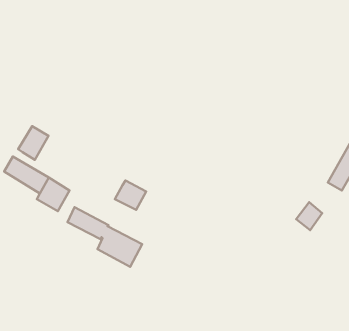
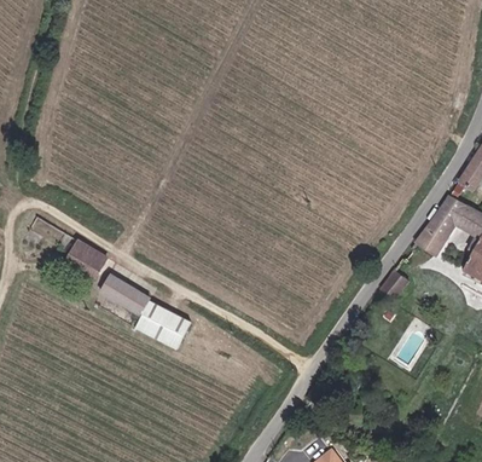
building: [18,126,48,160] -> none
building: [115,180,146,210] -> none

